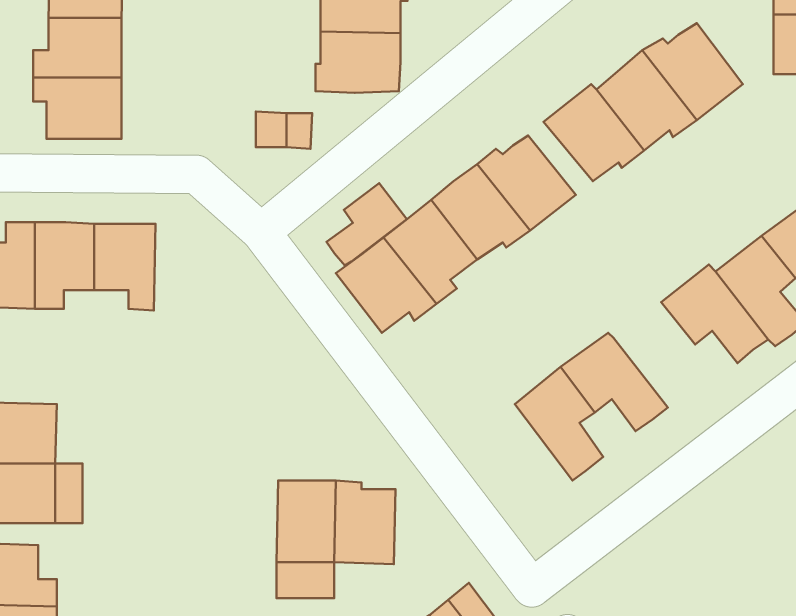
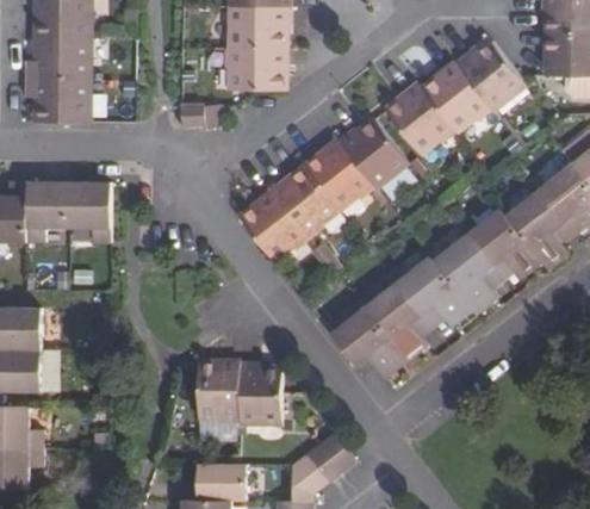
building: [327,183,407,266] -> none
building: none -> [433,237,496,315]
building: none -> [330,309,404,379]

